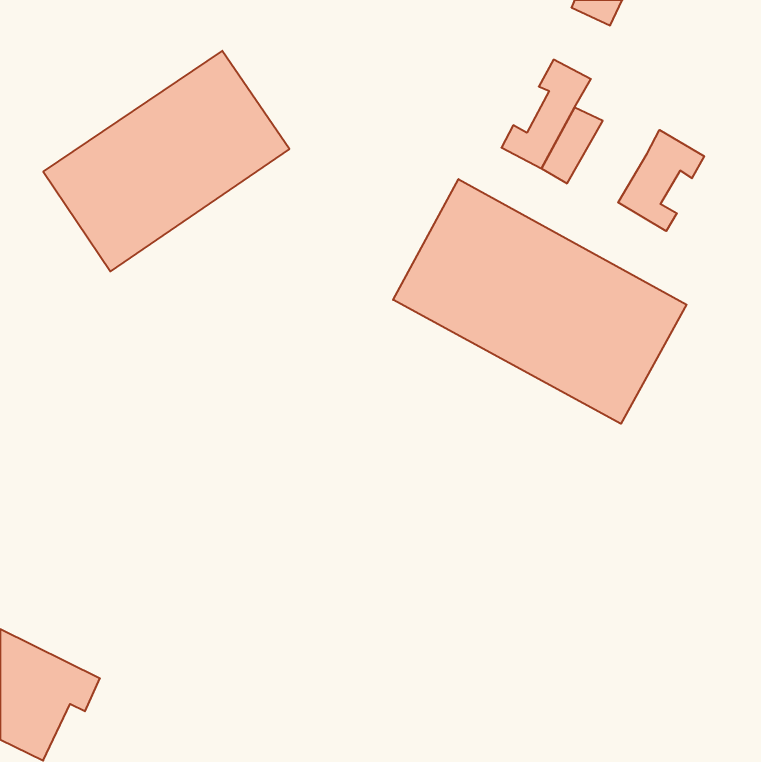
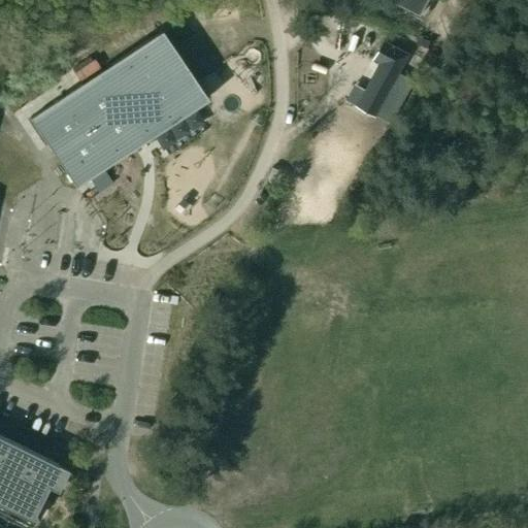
building: [618,130,704,231] -> none
building: [393,179,687,424] -> none

